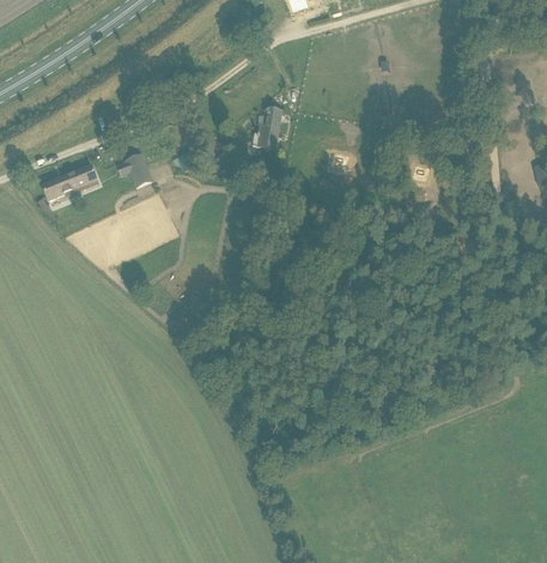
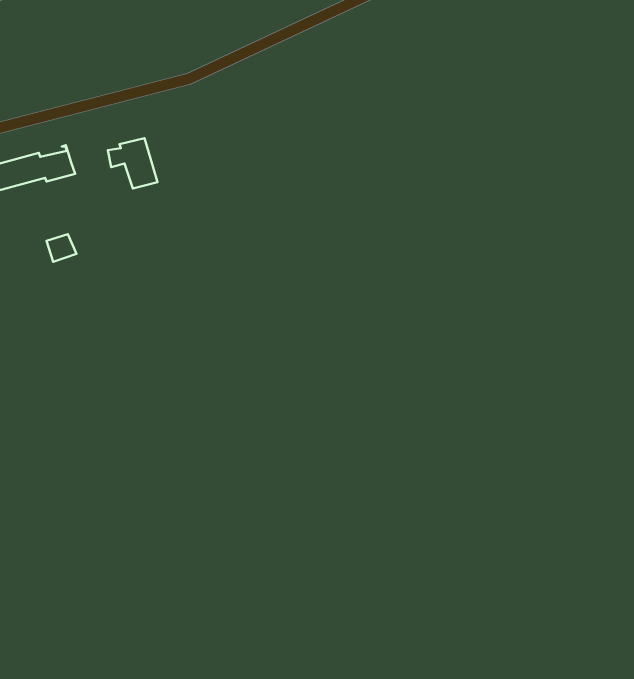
building: [253,108,282,150] -> none

